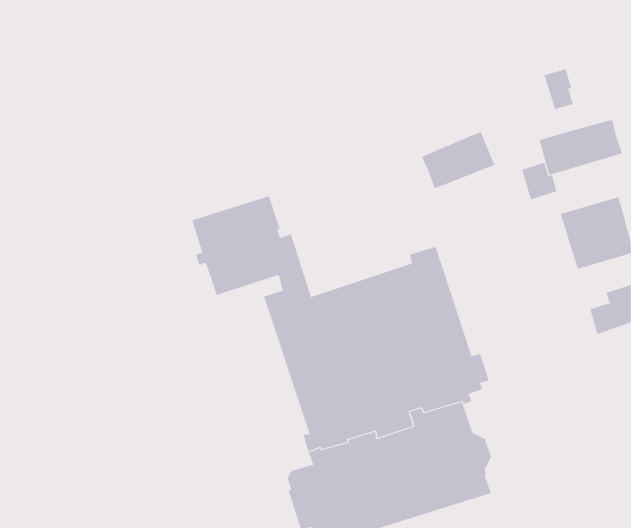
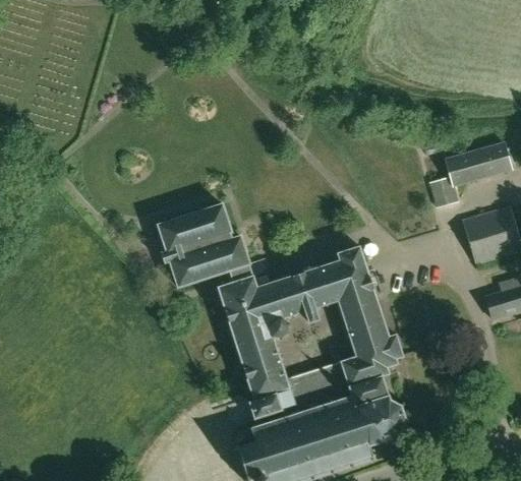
building: [544,69,574,110] -> none
building: [421,131,495,189] -> none

